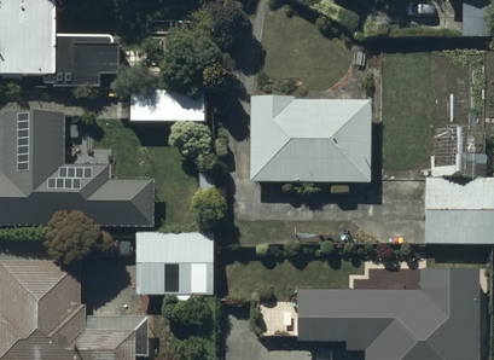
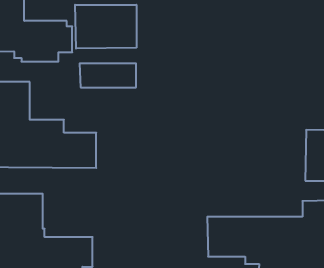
building: none -> [75,5,136,49]
building: [250,95,370,180] -> none
building: [136,232,214,294] -> none

